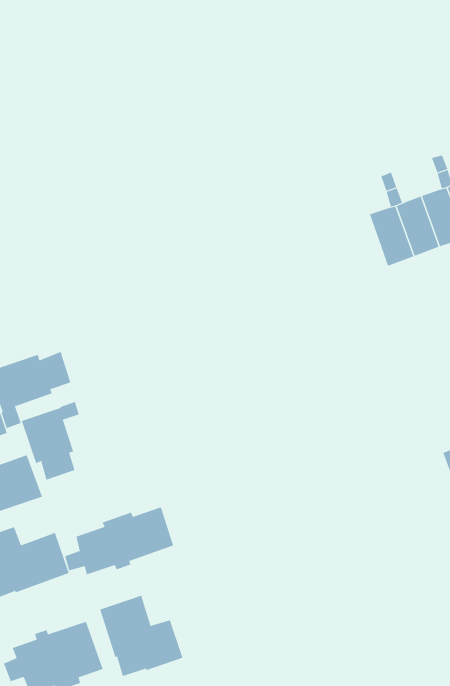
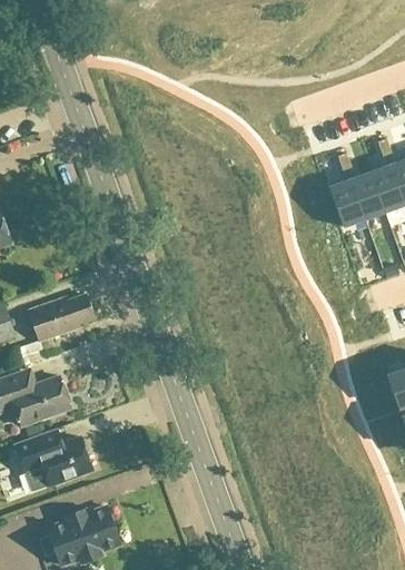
building: [21,401,79,481] -> none
building: [65,507,174,575] -> none
building: [100,595,183,677] -> none

